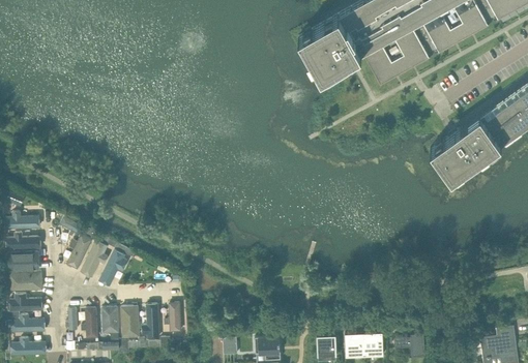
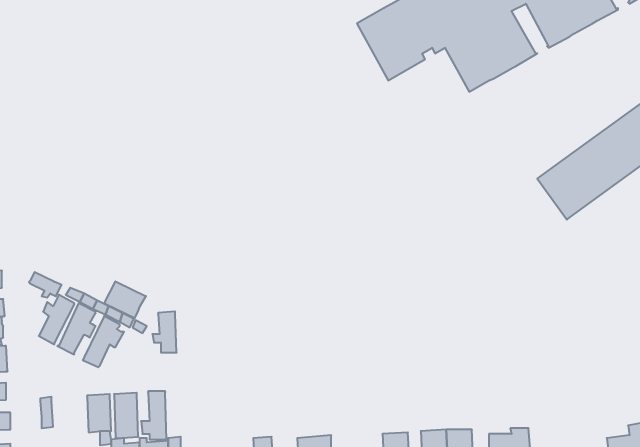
building: none -> [104,281,146,318]
building: [165,304,182,334] -> [152,311,177,353]
building: [82,309,99,341] -> none

